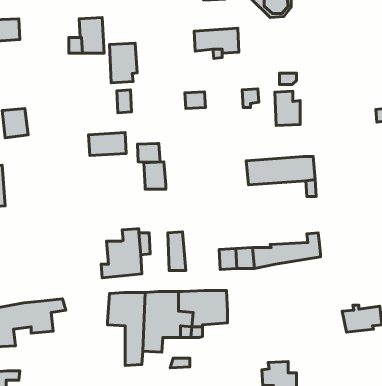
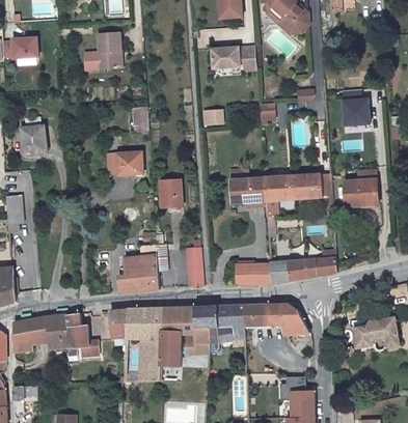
building: [110,43,137,83] -> none
building: [275,91,300,126] -> [343,89,368,123]
building: [138,143,160,162] -> none
building: none -> [228,169,265,203]
building: none -> [344,172,377,207]
building: none -> [243,305,309,335]
building: none -> [108,309,127,338]
building: none -> [67,325,99,359]

